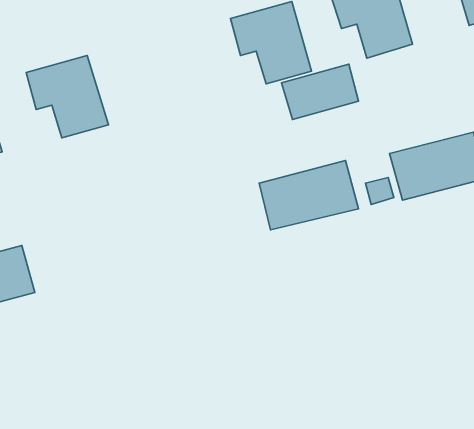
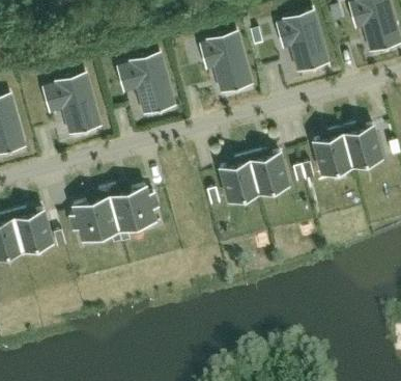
building: none -> [120,51,179,111]
building: [282,64,359,120] -> none
building: none -> [71,188,155,245]

